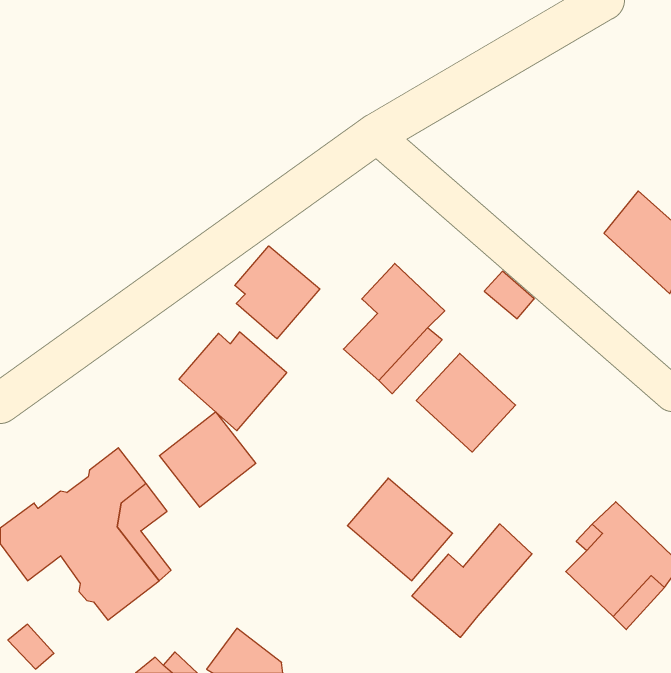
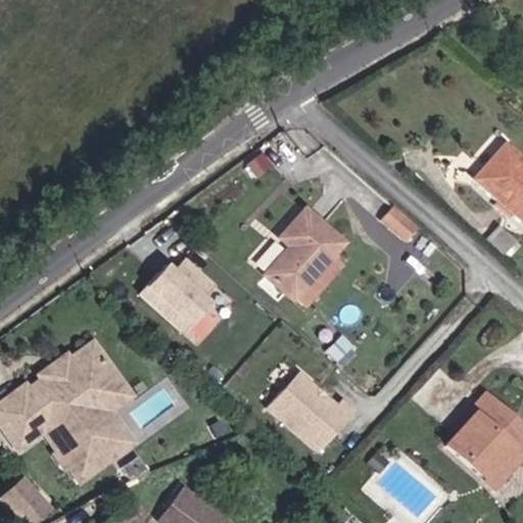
building: [235,246,320,339] -> none
building: [416,353,516,452] -> none
building: [159,412,256,507] -> none
building: [412,524,532,637] -> none

